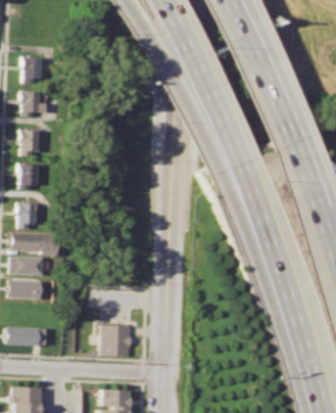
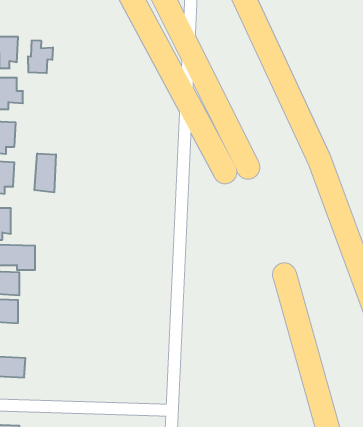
building: none -> [28,40,53,73]
building: none -> [35,153,56,192]
building: [104,325,136,358] -> none

